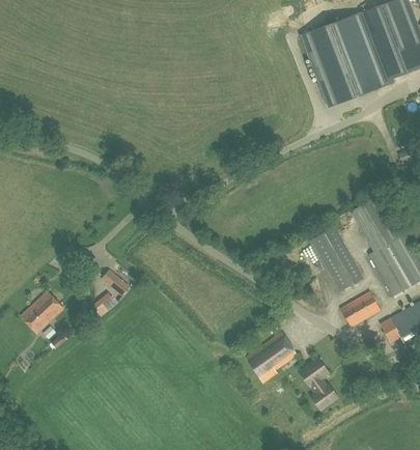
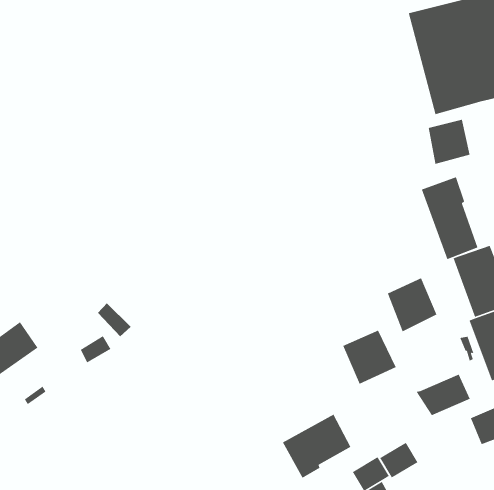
building: none -> [428,119,470,165]
building: none -> [421,176,479,260]
building: [324,252,365,293] -> [342,330,397,385]
building: none -> [379,442,419,479]

